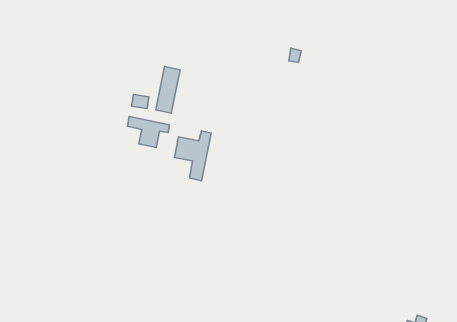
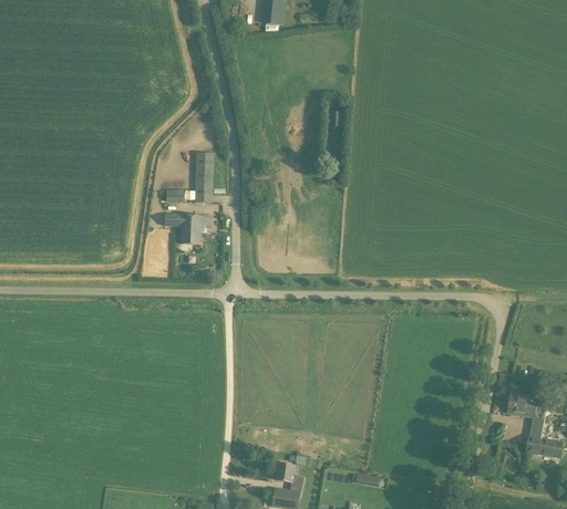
building: [174,131,211,181] -> none

